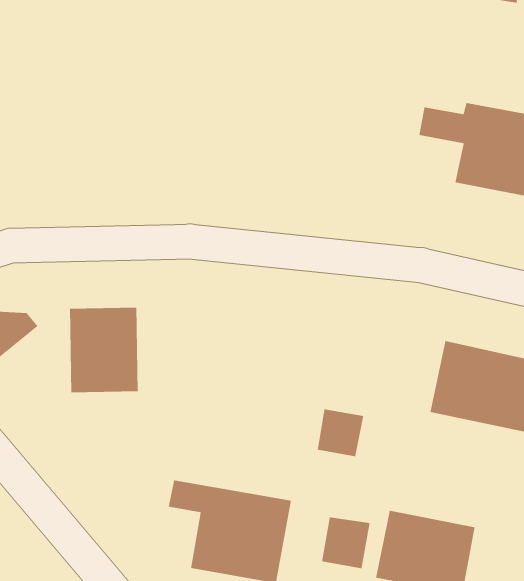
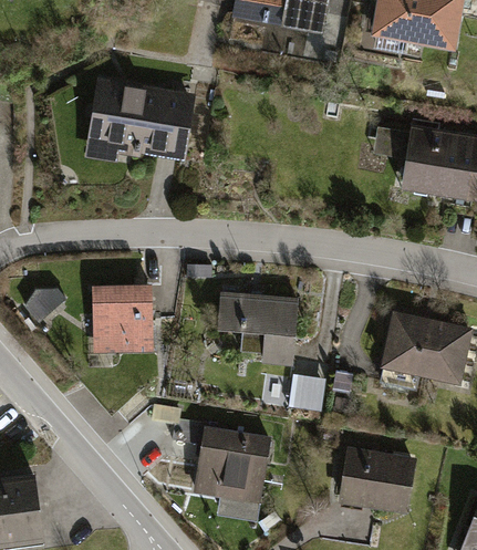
building: none -> [84,77,195,162]
building: none -> [219,293,297,369]
building: [321,517,370,569] -> none

